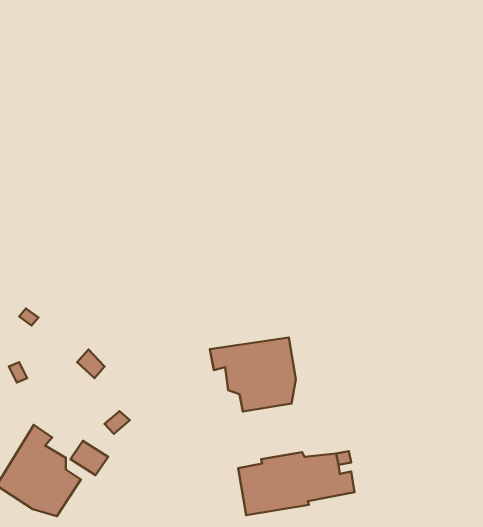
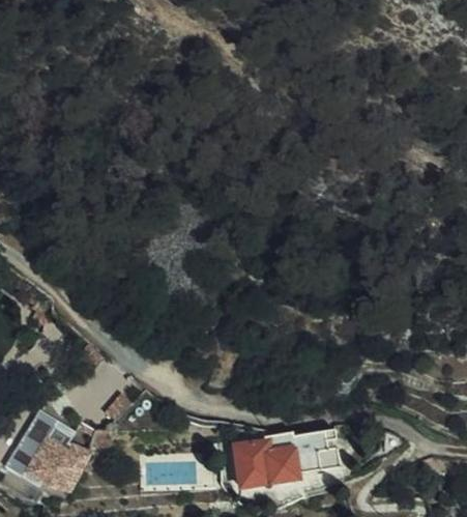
building: [210,338,296,411] -> none

